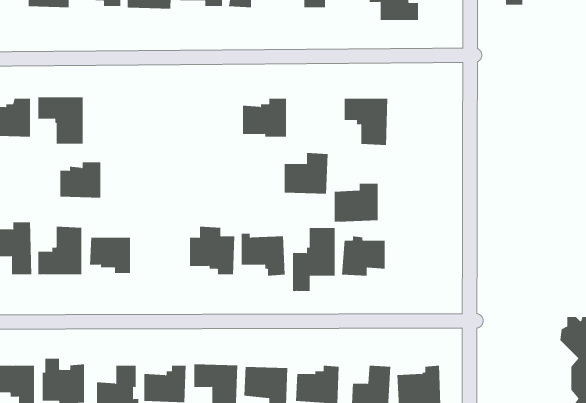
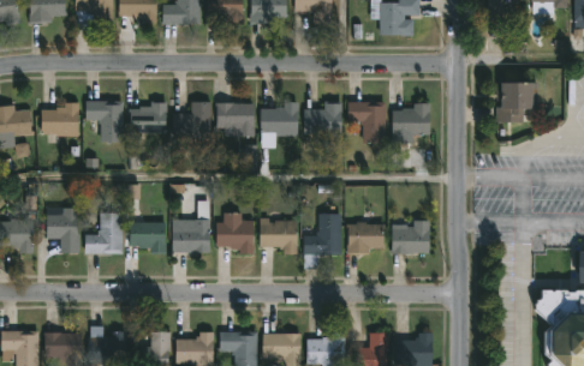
building: none -> [496,83,538,122]
building: none -> [173,102,210,139]
building: none -> [216,103,255,137]
building: none -> [392,103,431,144]
building: [284,153,328,194] -> [304,100,342,136]
building: [60,162,101,198] -> [130,102,166,133]
building: [334,183,378,222] -> [392,221,430,254]
building: none -> [173,220,210,253]

